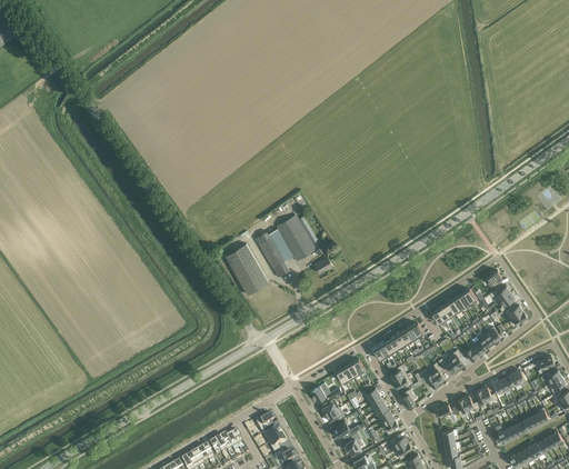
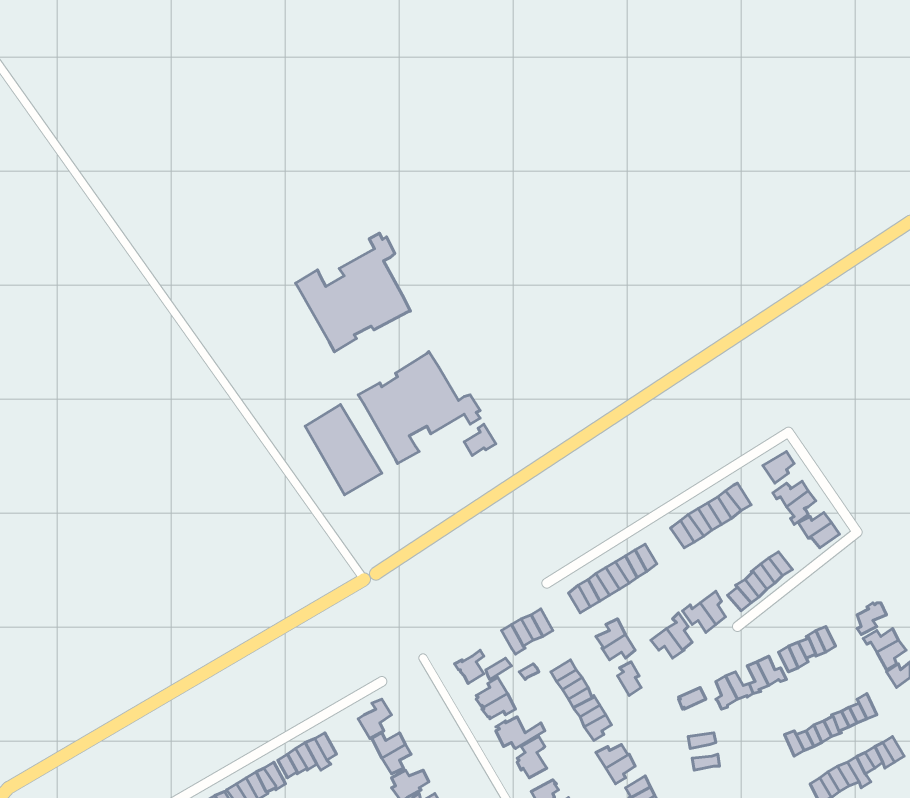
building: none -> [295,233,411,352]

